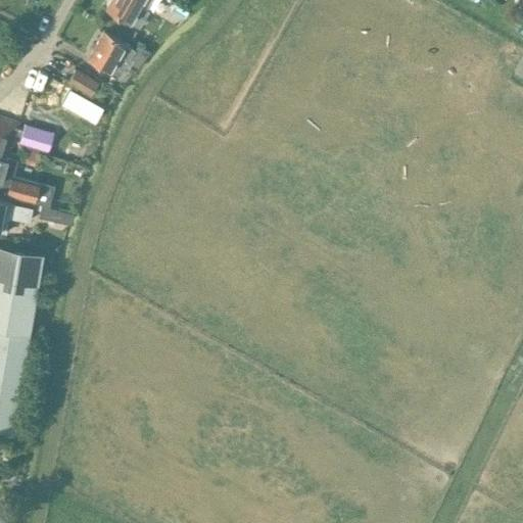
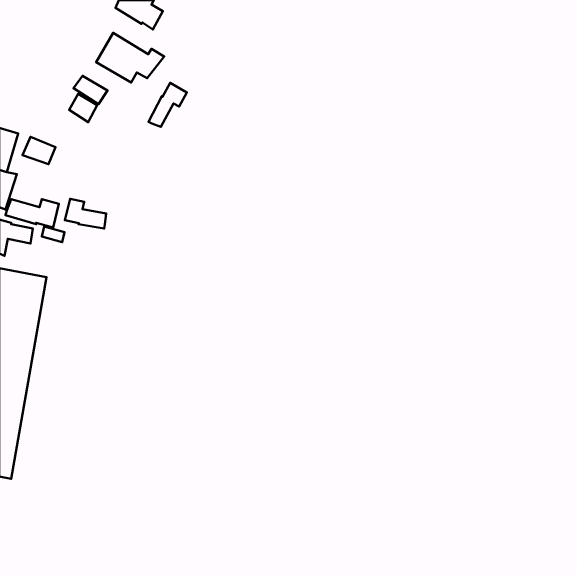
building: none -> [149,83,187,127]
building: none -> [65,199,106,229]

